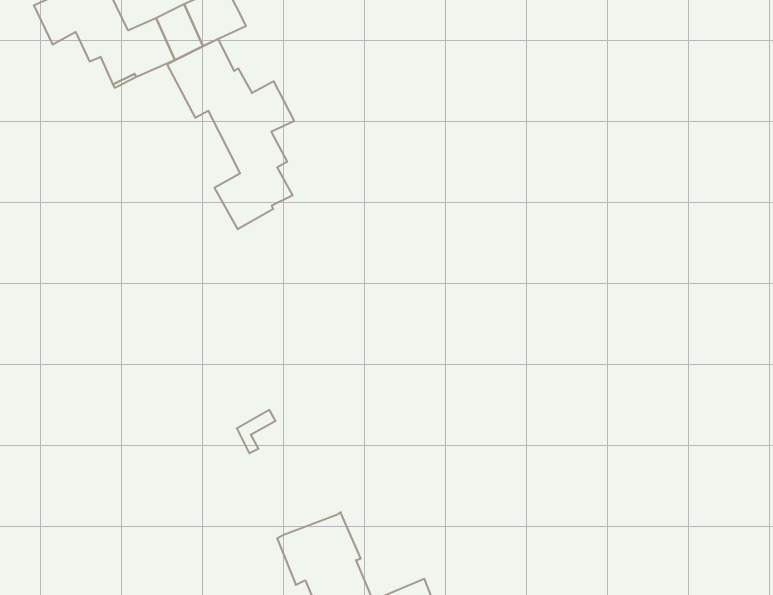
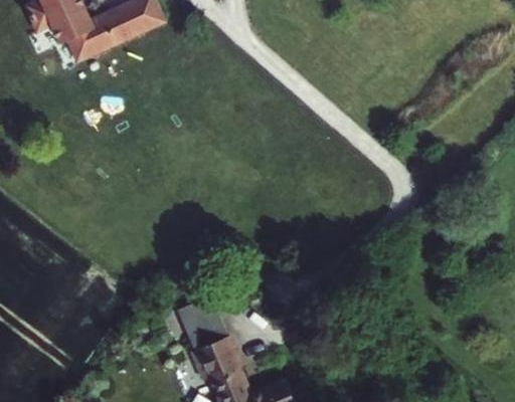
building: [167,39,294,229] -> none
building: none -> [174,295,225,350]

